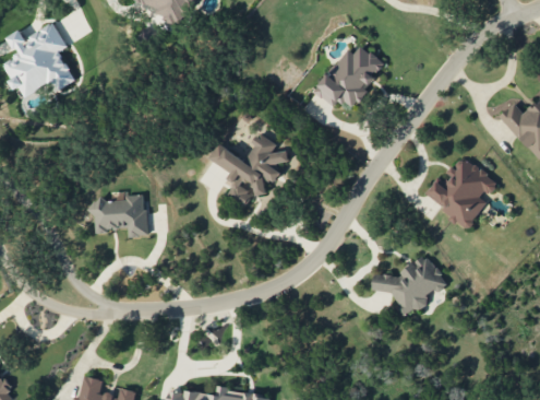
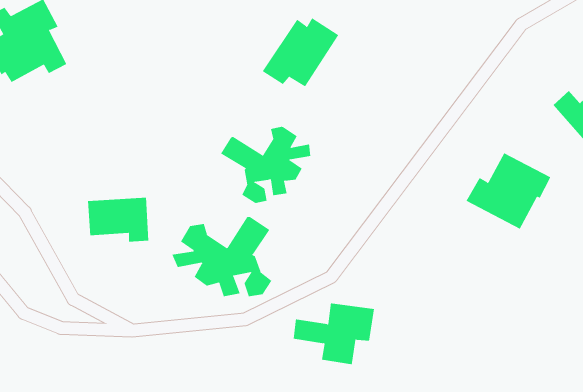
building: [315,46,383,107] -> [262,18,339,87]
building: none -> [172,216,272,297]
building: [372,258,444,313] -> [293,303,375,365]

